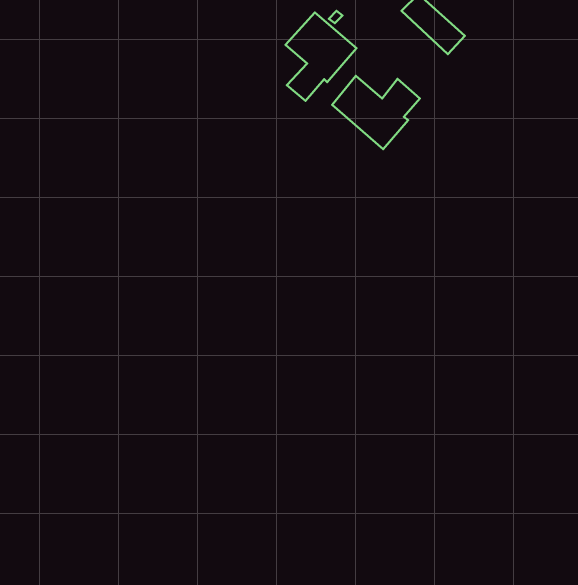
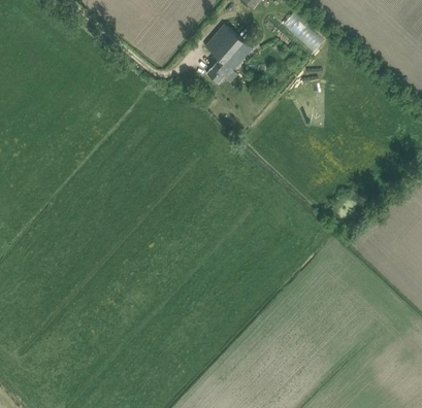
building: [332,76,420,149] -> none

